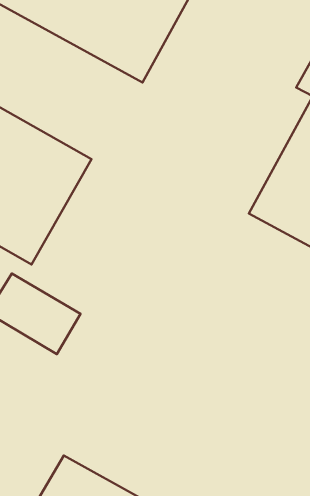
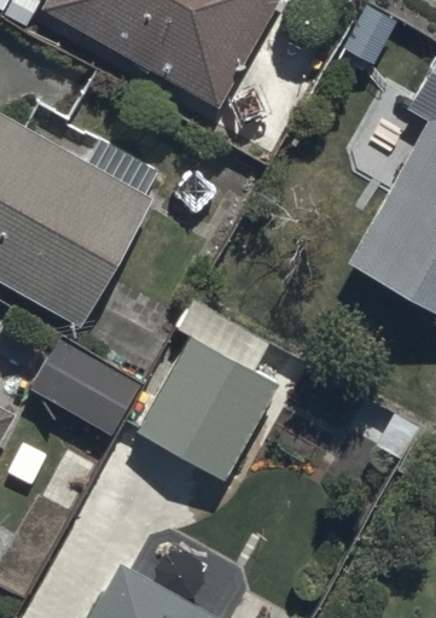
building: none -> [135,301,308,488]

